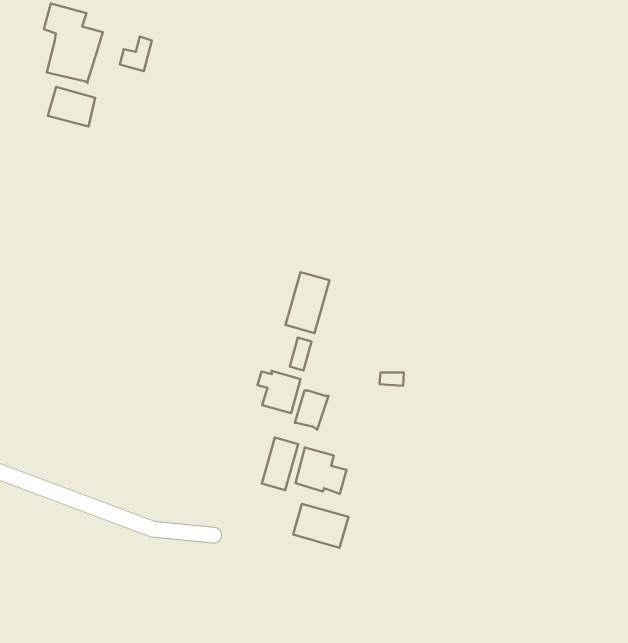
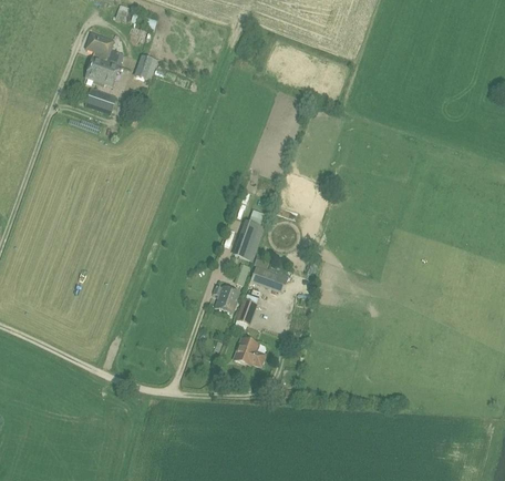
building: none -> [249,264,288,293]
building: [262,437,298,490] -> none
building: [293,504,348,548] -> none

